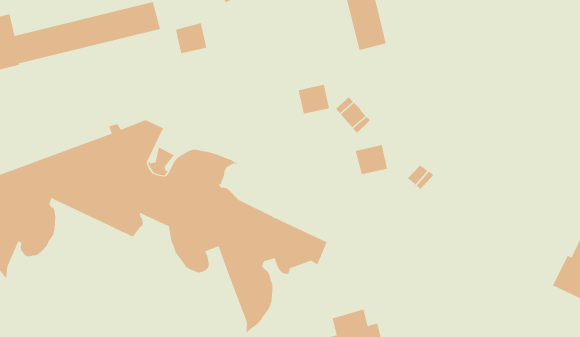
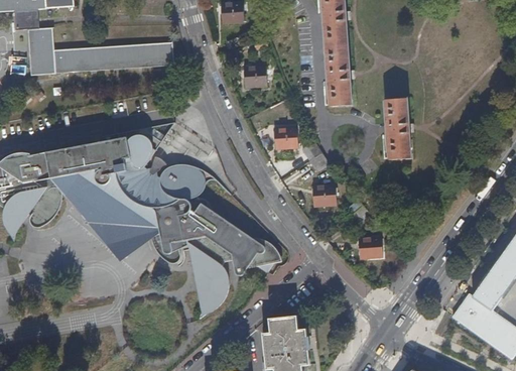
building: [175,23,207,54] -> [243,66,266,88]
building: none -> [383,98,409,159]
building: none -> [358,237,381,258]
building: none -> [58,182,151,259]

